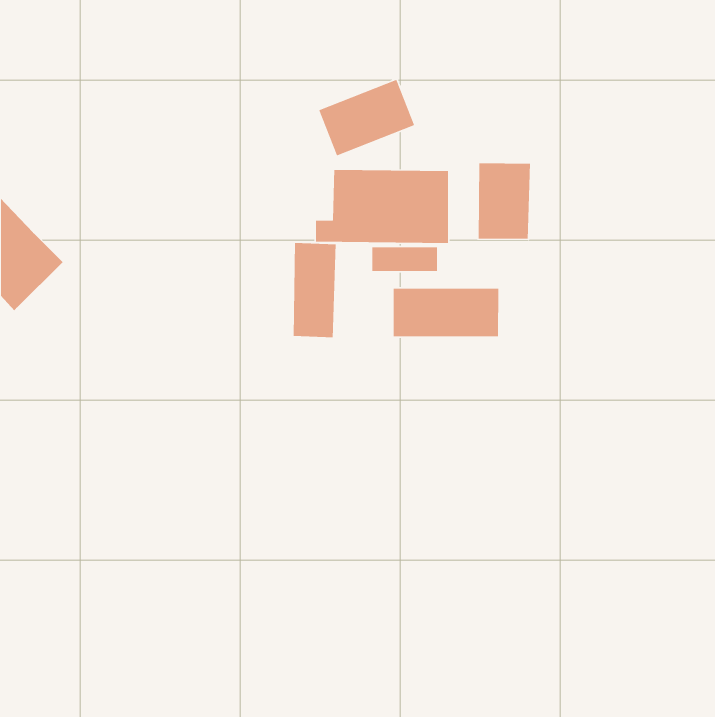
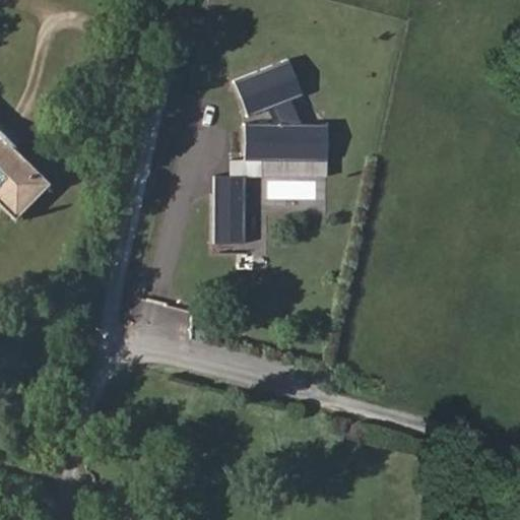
building: [478,163,531,240] -> none
building: [393,288,499,337] -> none

